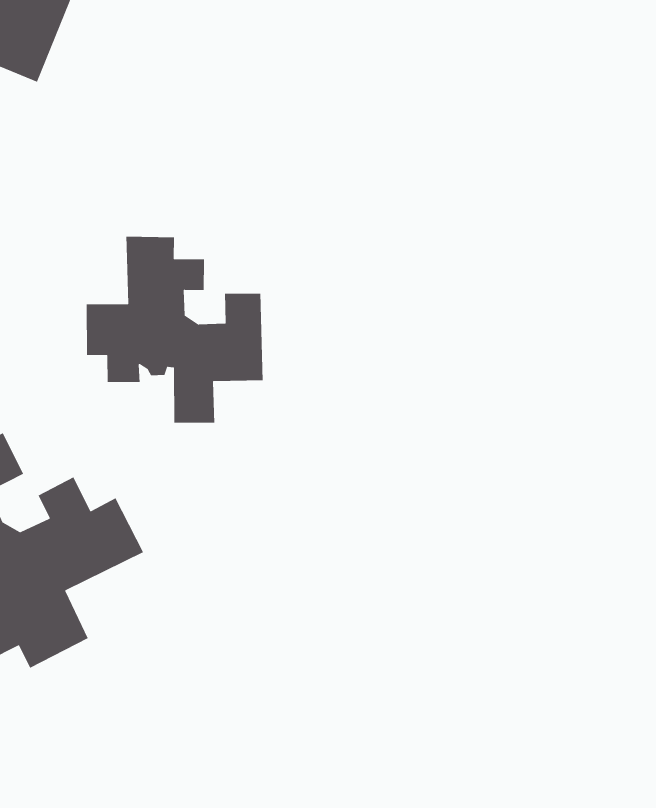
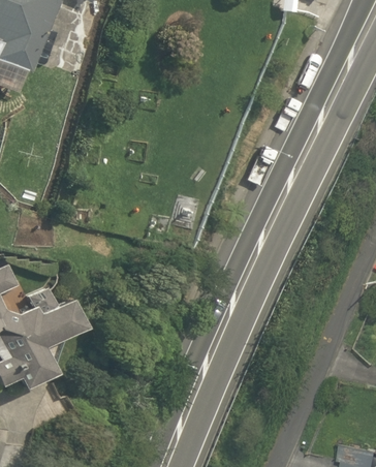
building: [86,236,264,424] -> none

